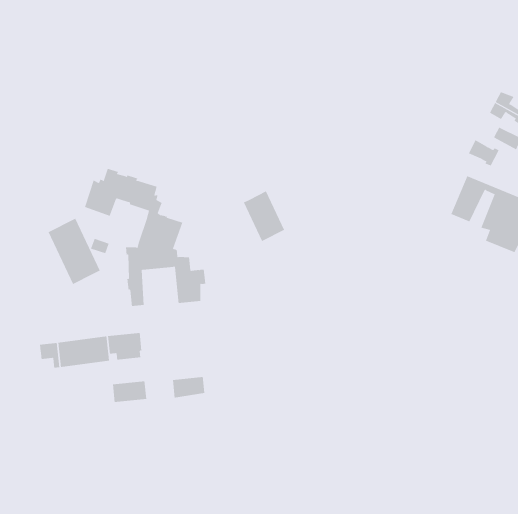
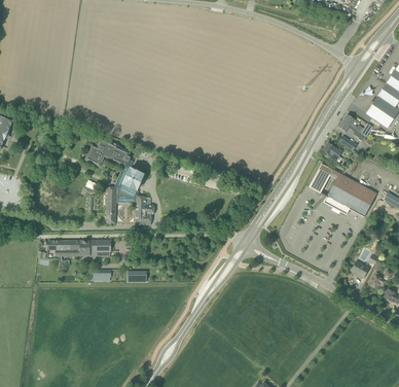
building: [243,191,285,242] -> none
building: [48,218,101,285] -> none

